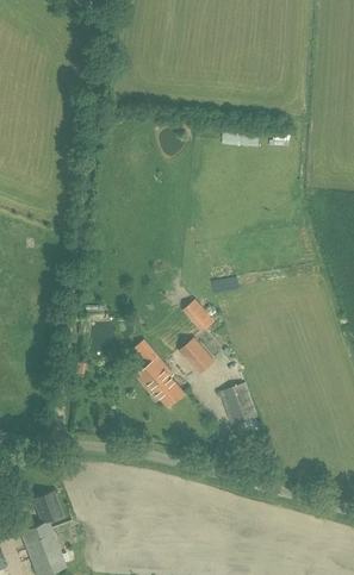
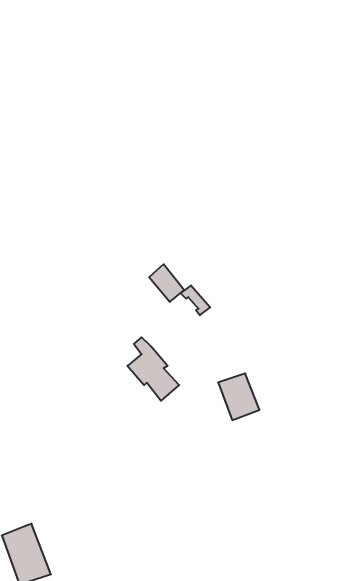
building: [180,338,212,373] -> [149,264,184,302]
building: [32,492,62,523] -> none

